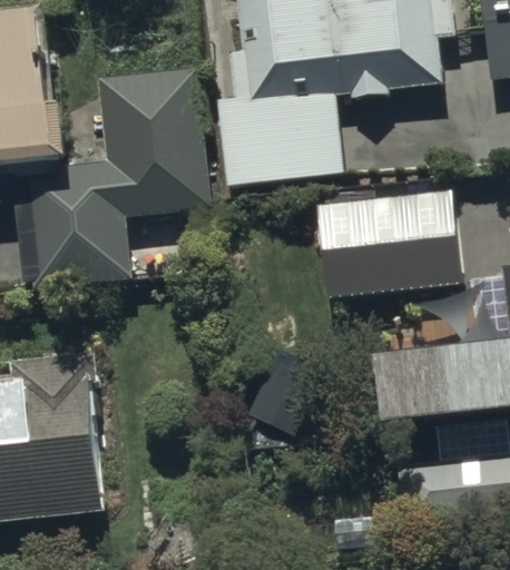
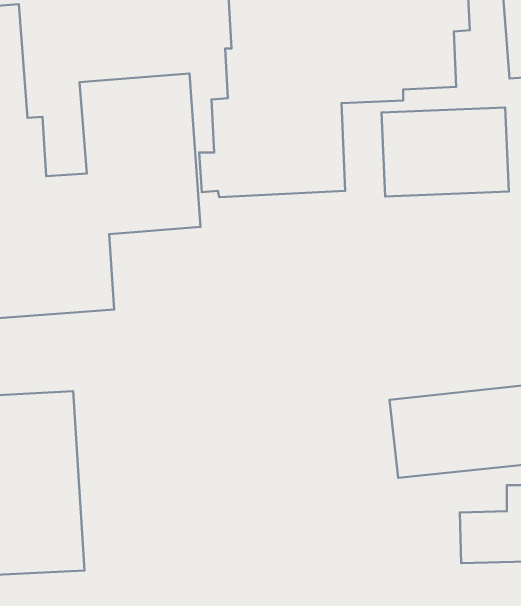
building: [351,187,465,267] -> [381,107,509,196]

